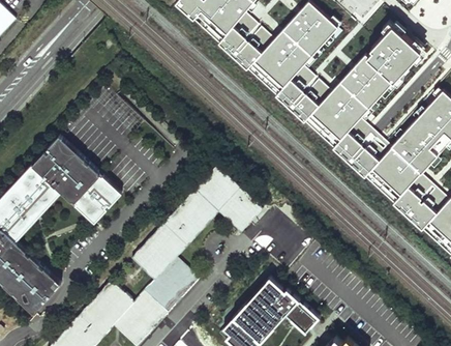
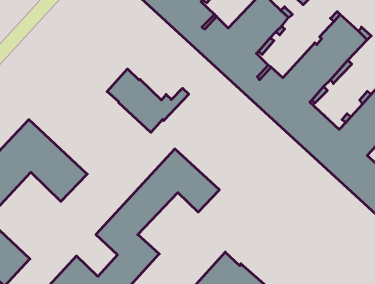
building: none -> [107,69,189,132]

